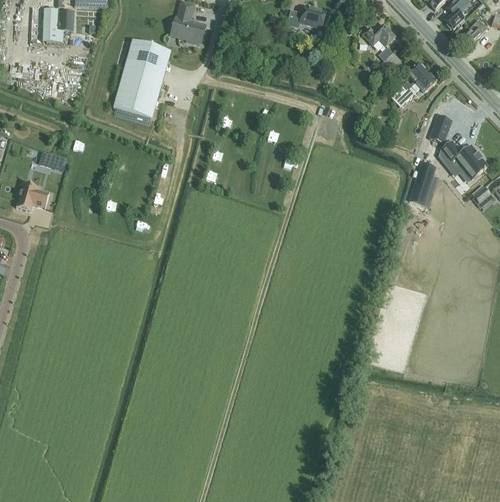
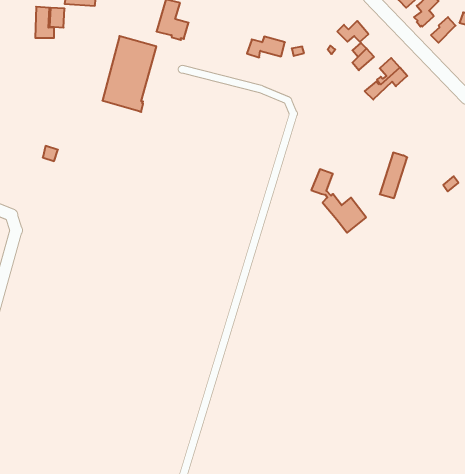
building: [285,6,325,28] -> [247,37,285,57]
building: [428,115,486,182] -> [311,169,366,233]
building: [15,183,48,211] -> none

